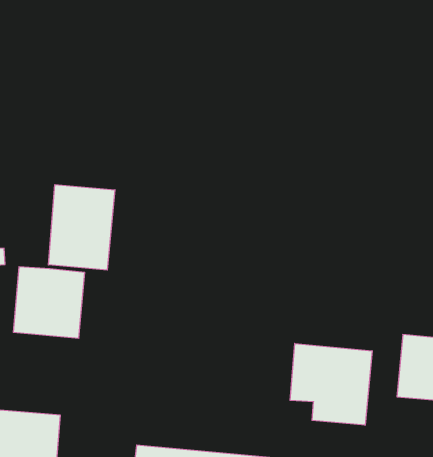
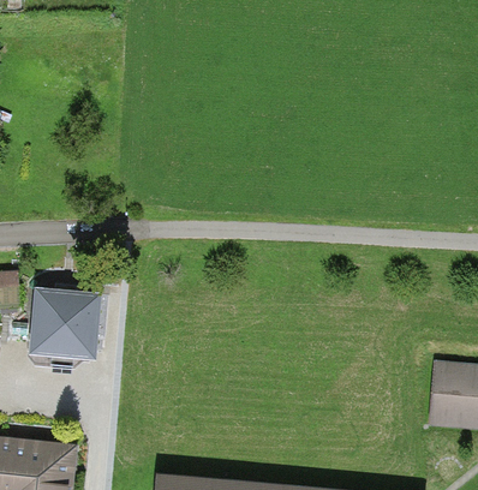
building: [48,185,115,270] -> none
building: [290,343,372,425] -> none

